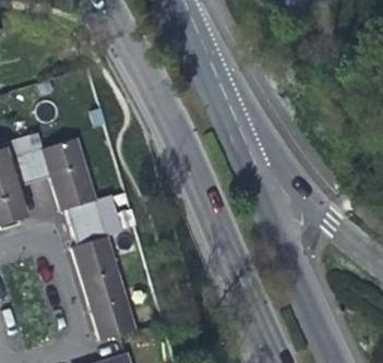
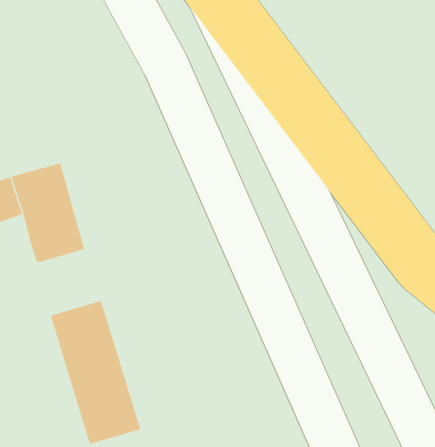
building: [64,201,106,246] -> none

